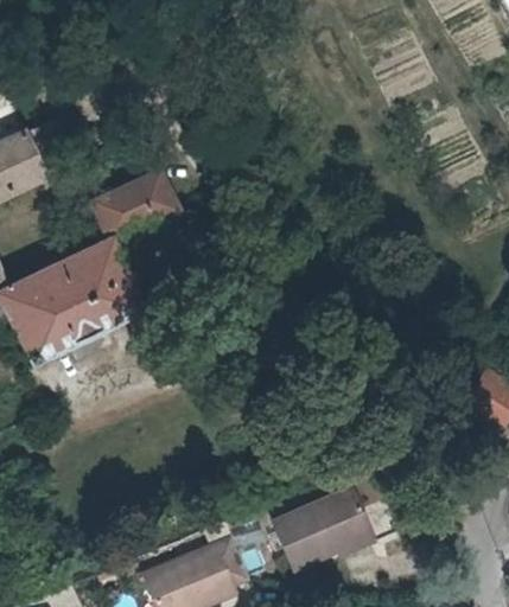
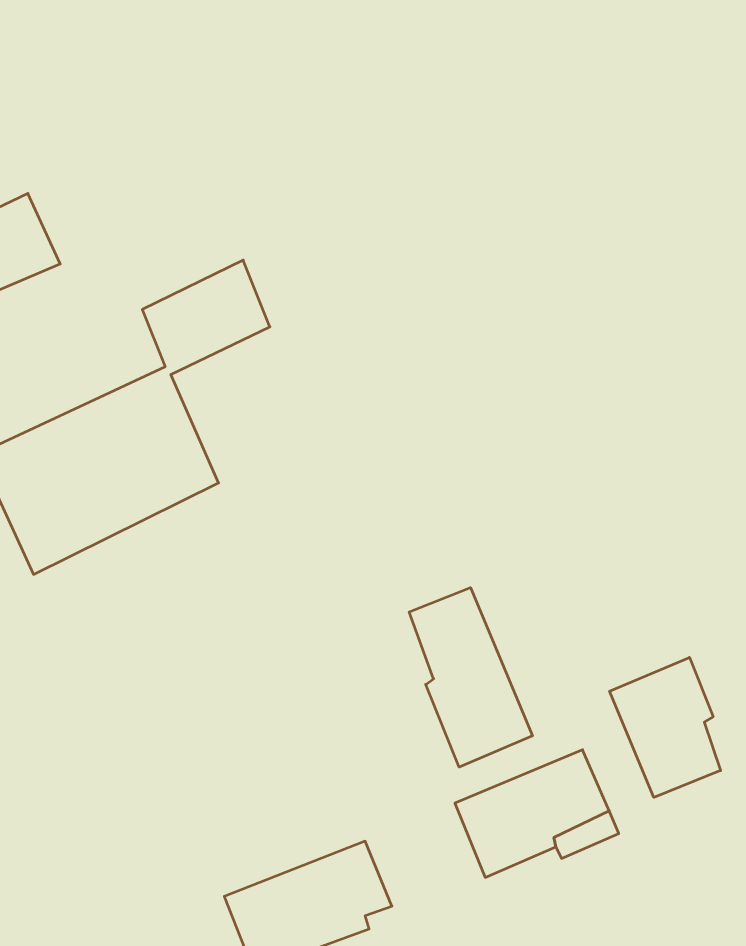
building: none -> [409,588,532,767]
building: none -> [610,657,721,797]

